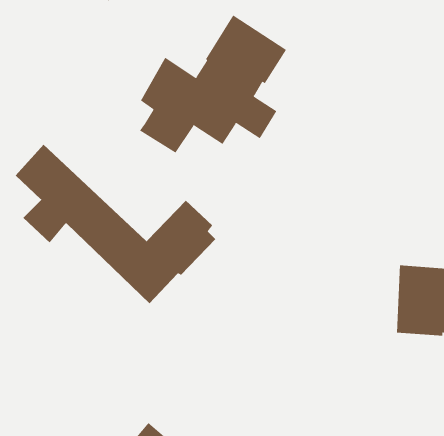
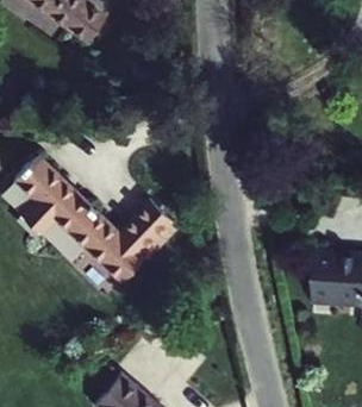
building: [139,14,287,154] -> none

